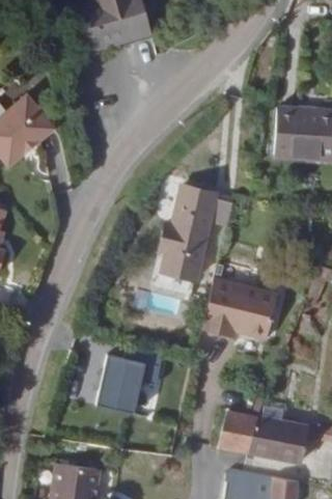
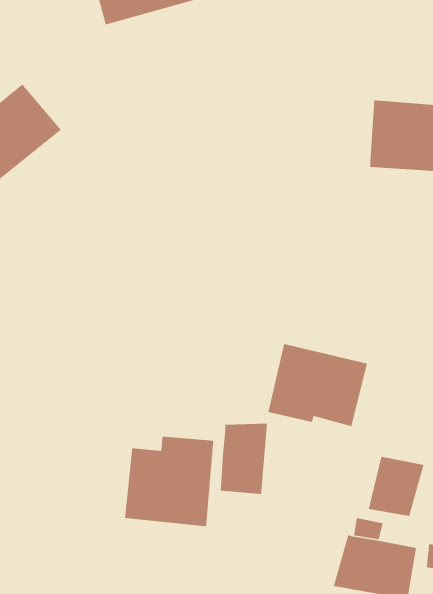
building: [158,185,233,281] -> none
building: none -> [220,423,268,495]
building: [218,411,258,454] -> [368,456,424,517]

